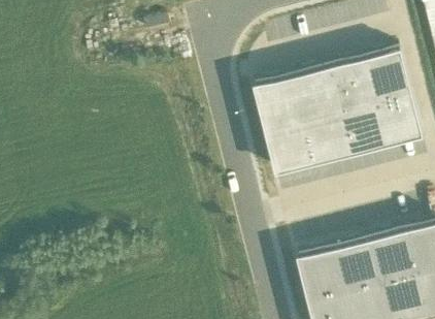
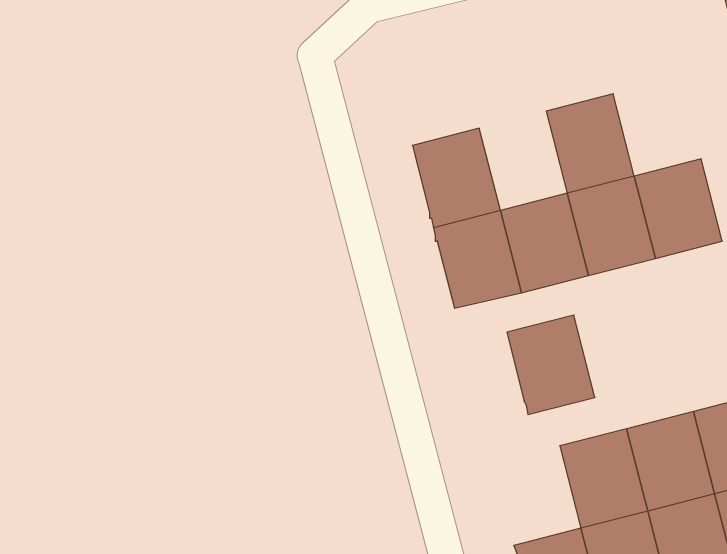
building: [364,49,411,102] -> none
building: [292,67,339,121] -> none
building: [299,248,346,301] -> [507,315,595,415]

